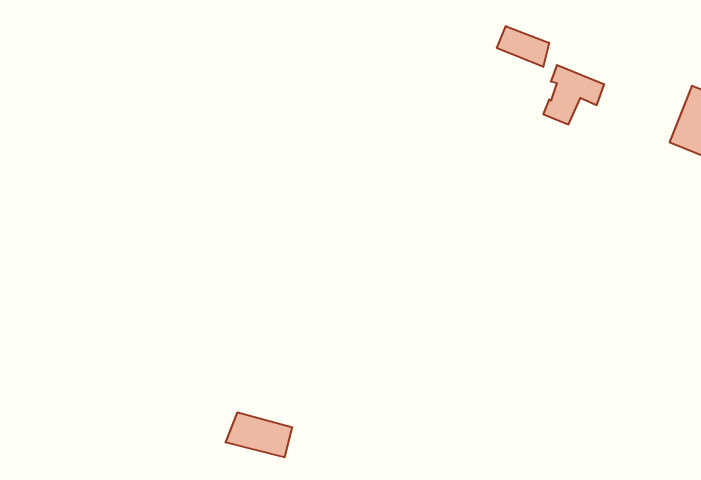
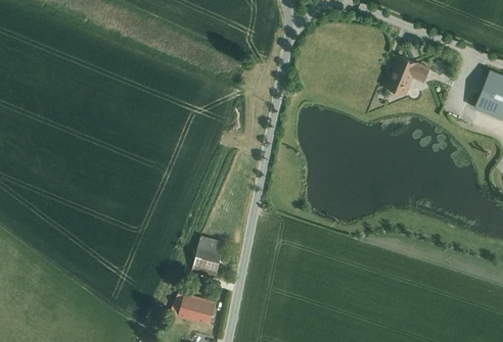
building: [497,26,549,67] -> none
building: none -> [191,236,225,280]

